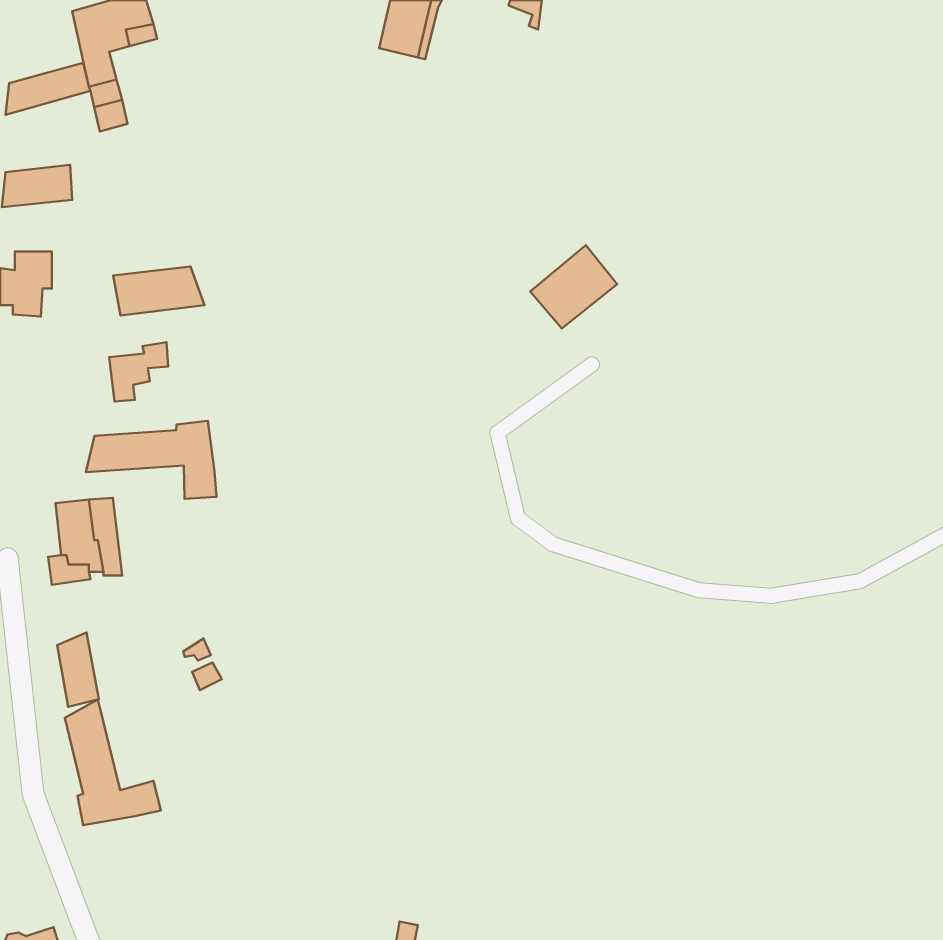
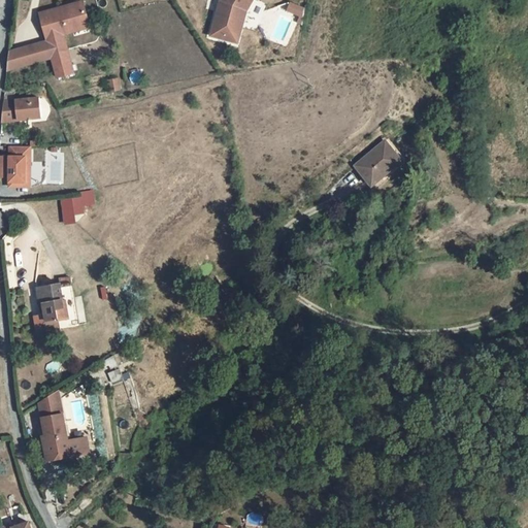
building: [530,245,617,329] -> [356,143,404,190]
building: [113,266,204,316] -> none
building: [86,421,217,499] -> none
building: [57,632,99,707] -> none

